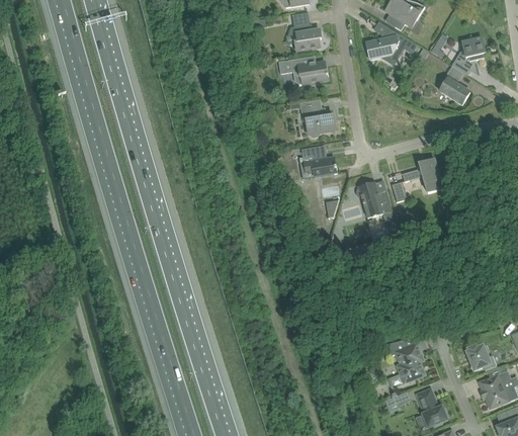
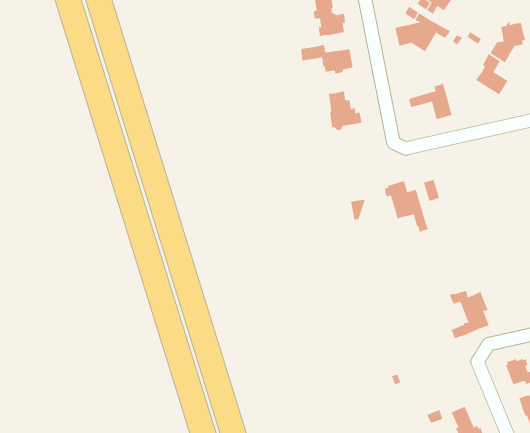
building: [299,146,337,176] -> none
building: [402,159,442,192] -> [408,83,452,120]
building: [386,342,424,386] -> [449,290,490,339]

